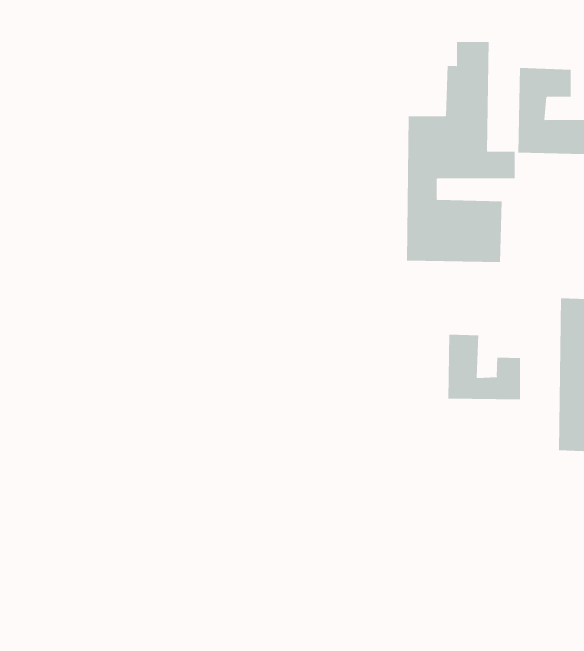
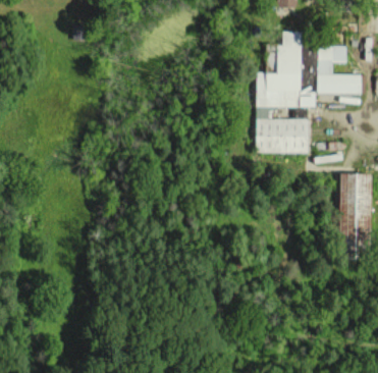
building: [448,334,521,400] -> none

